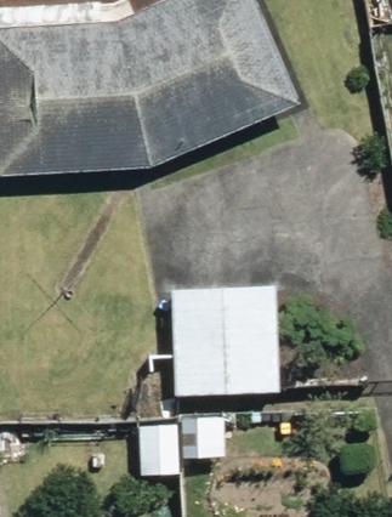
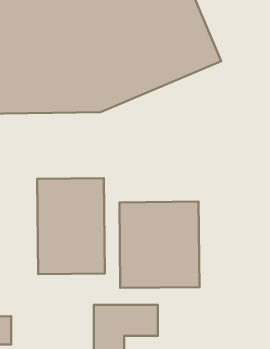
building: none -> [37,178,105,274]

